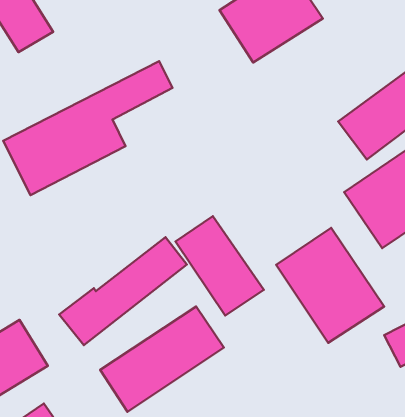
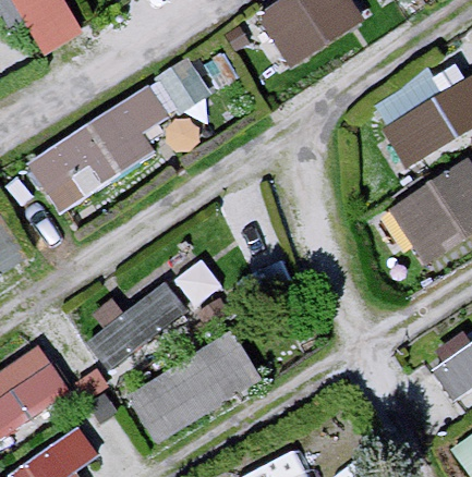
building: [175,216,264,316] -> none
building: [276,228,384,343] -> none

